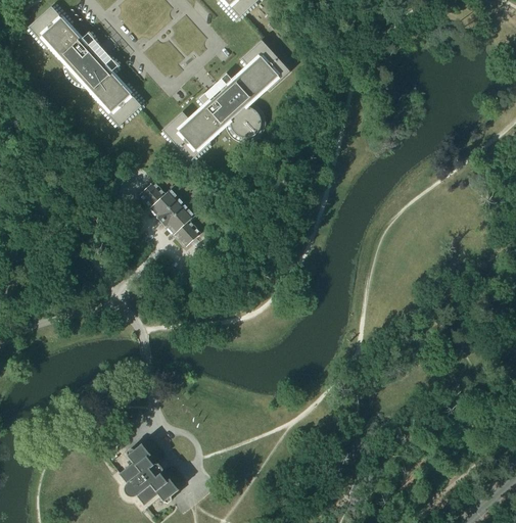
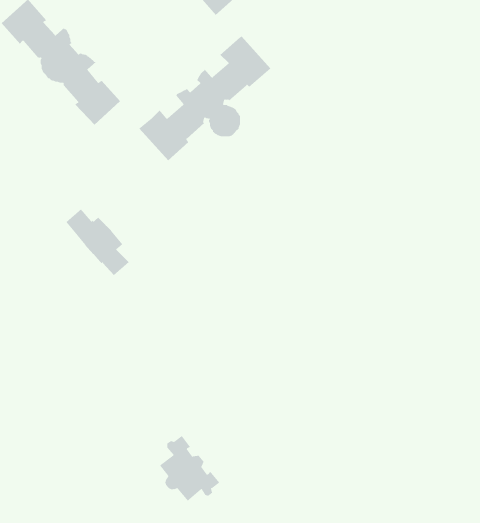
building: [139,181,201,246] -> [65,208,130,276]
building: [120,443,179,508] -> [159,435,220,501]

